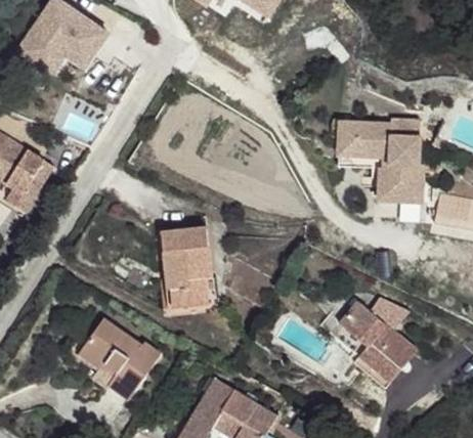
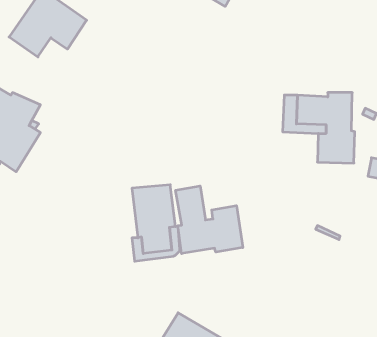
building: none -> [176,186,243,254]
building: [338,297,417,381] -> none
building: [82,317,160,398] -> none

